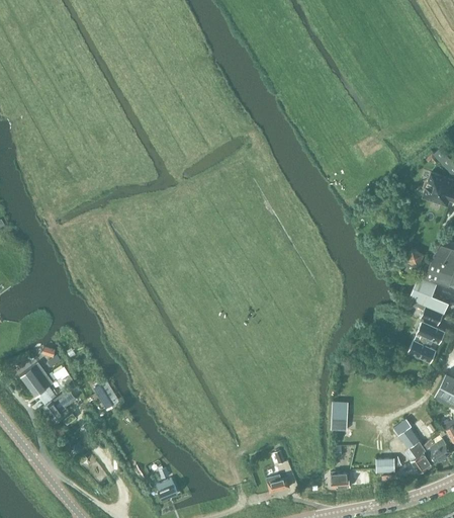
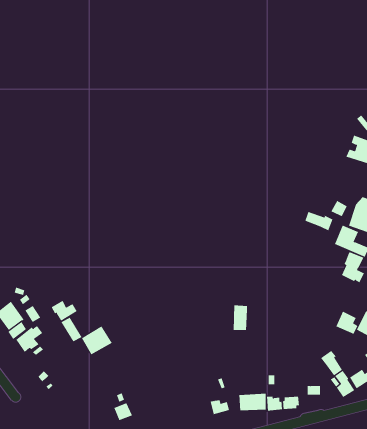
building: none -> [304,211,333,231]
building: [408,333,435,360] -> [335,311,358,335]
building: none -> [51,300,77,322]
building: none -> [81,325,112,355]
building: [331,401,348,430] -> [233,305,248,331]
building: none -> [239,393,266,411]

